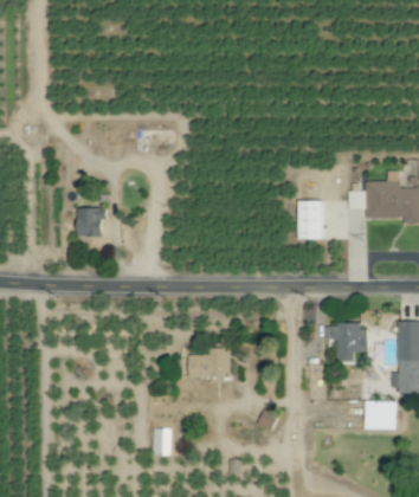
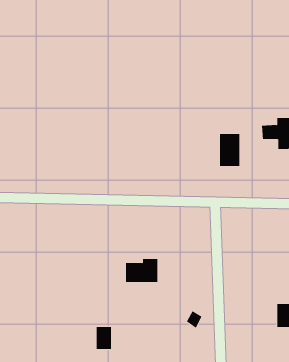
building: [77,209,107,237] -> none
building: [327,323,370,361] -> none

